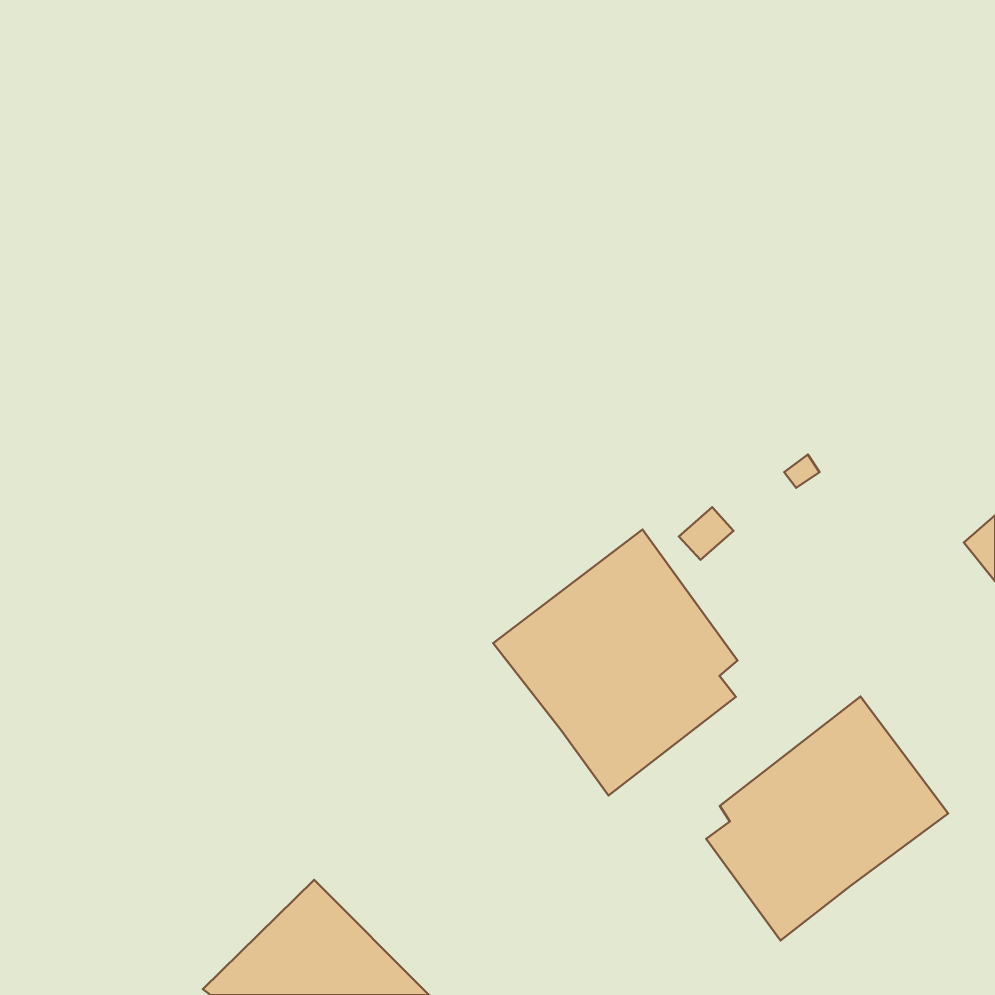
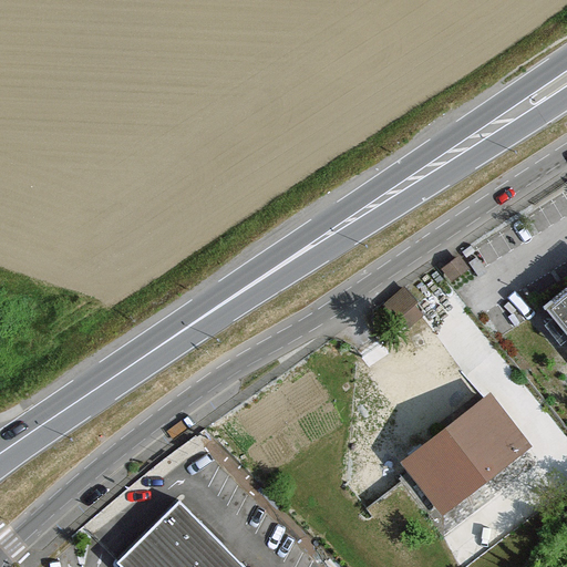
building: [493,530,737,795] -> none

